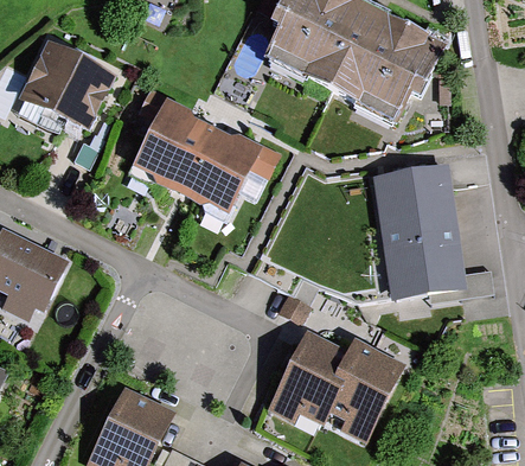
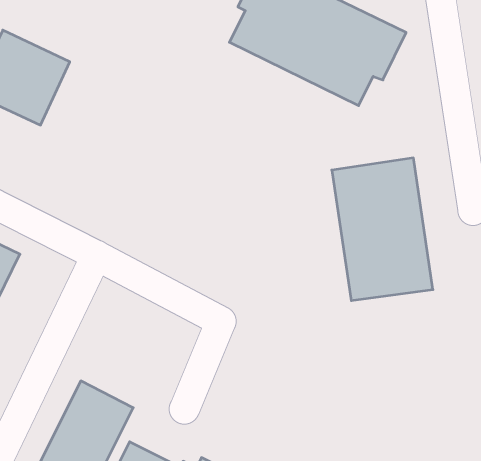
building: [135,92,277,223] -> none
building: [268,340,403,440] -> none

